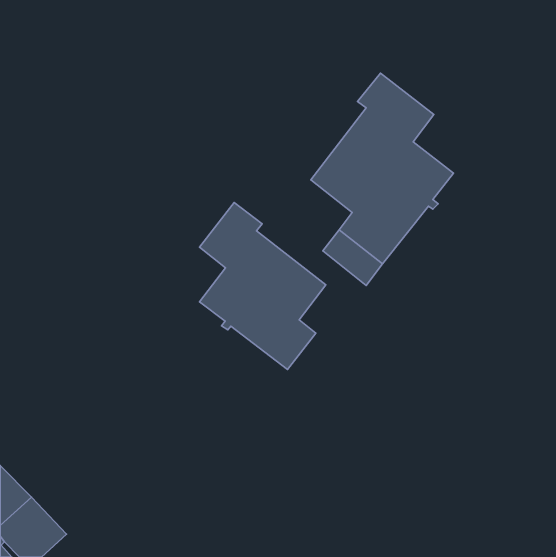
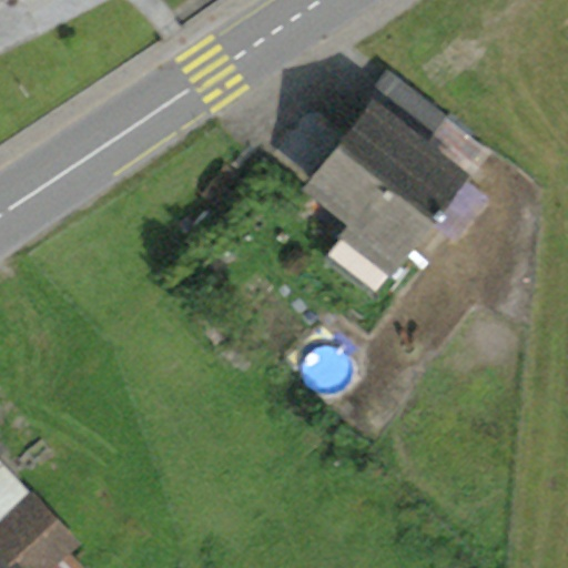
building: [199,203,326,369] -> none

